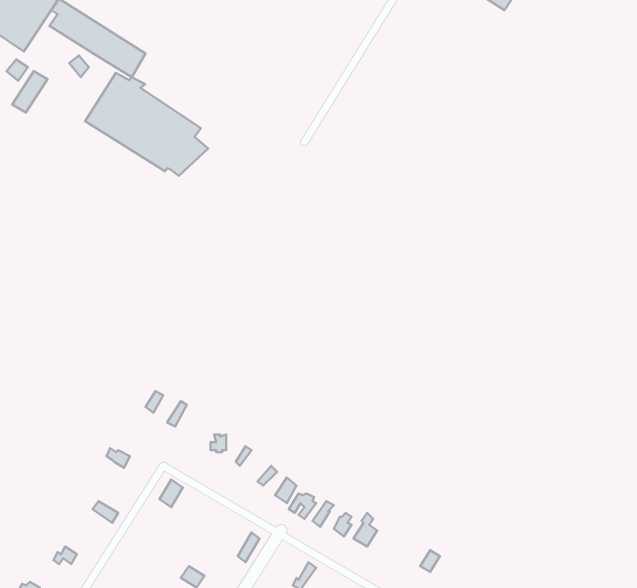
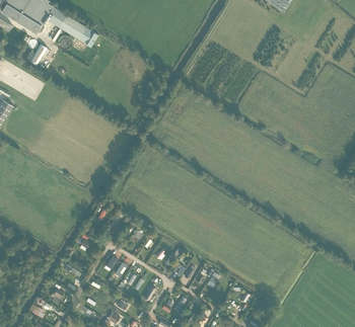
building: [85,73,208,176] -> none

